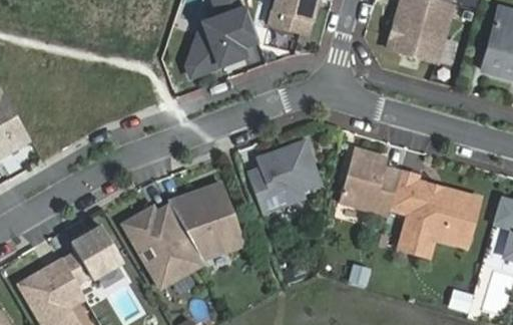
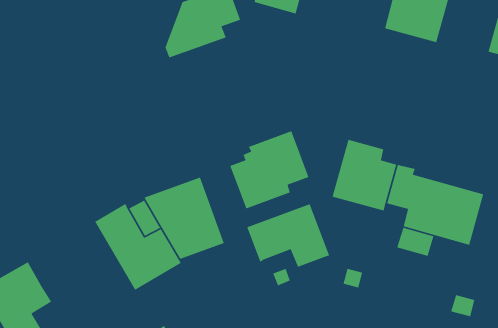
building: none -> [246,203,330,268]
building: [63,226,122,283] -> none

